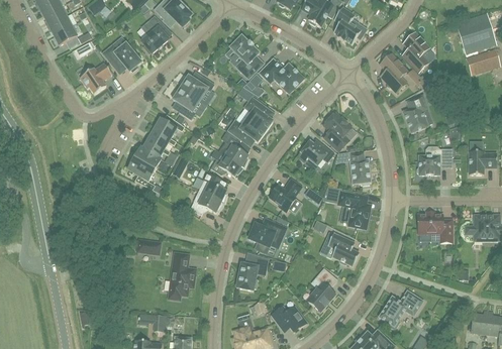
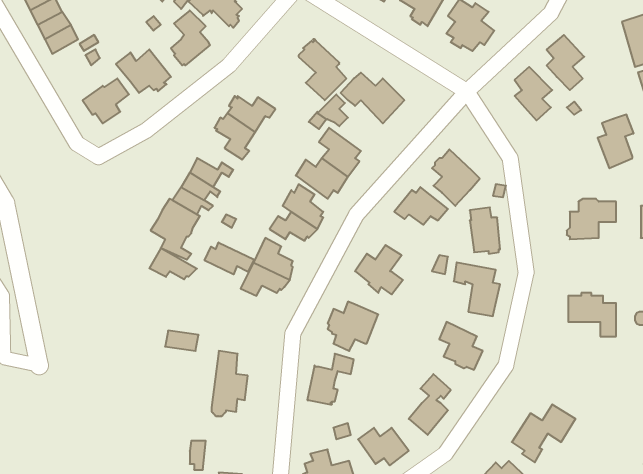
building: [403,95,428,132] -> [598,115,634,168]
building: none -> [205,242,254,274]
building: none -> [149,248,197,279]

